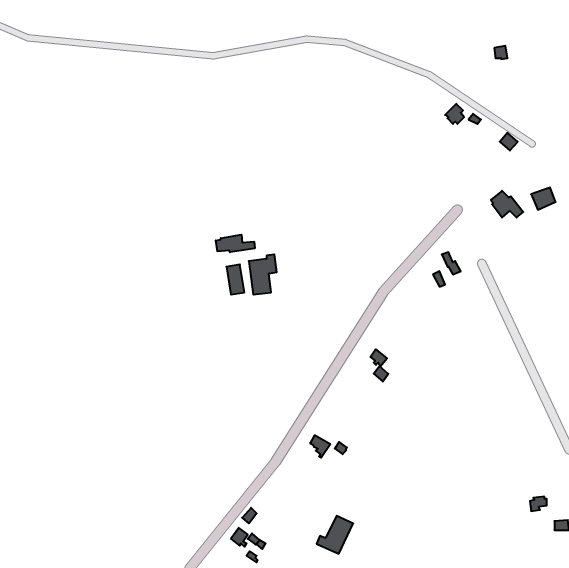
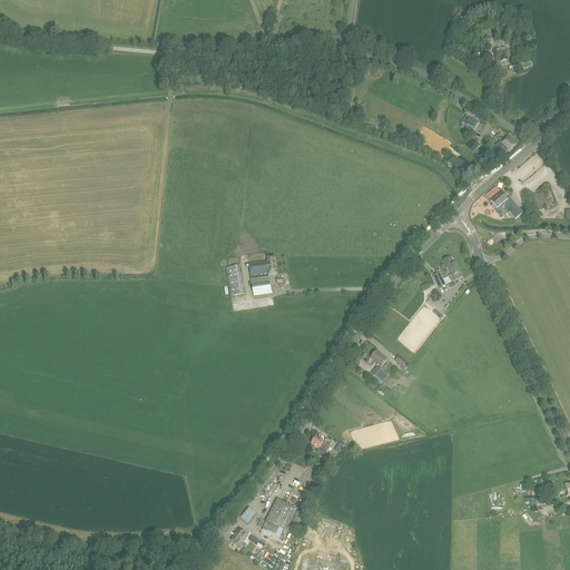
building: [216,235,255,252] -> none
building: [317,516,353,554] -> [257,498,294,535]

